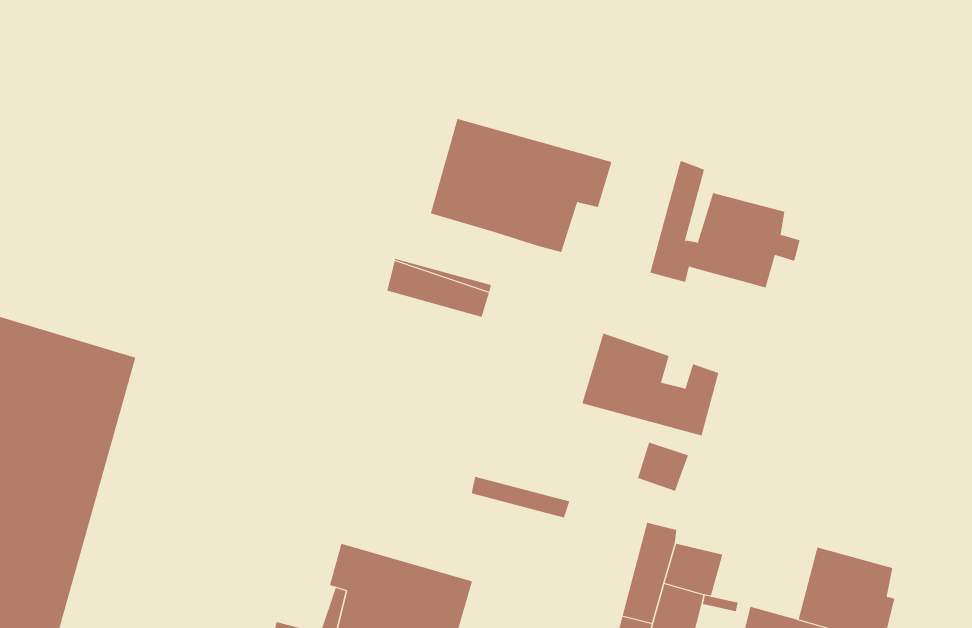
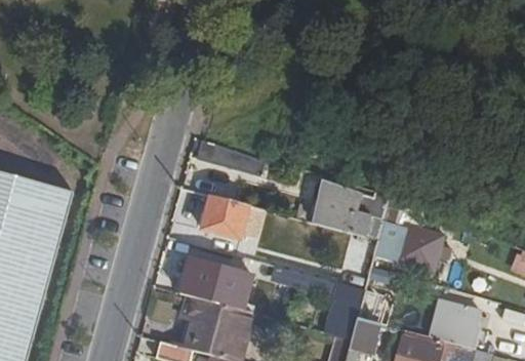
building: [430,118,612,253] -> none
building: [649,160,800,288] -> [370,205,451,274]
building: none -> [200,195,249,240]
building: none -> [178,258,251,310]

